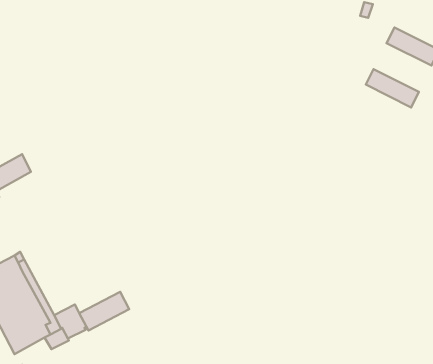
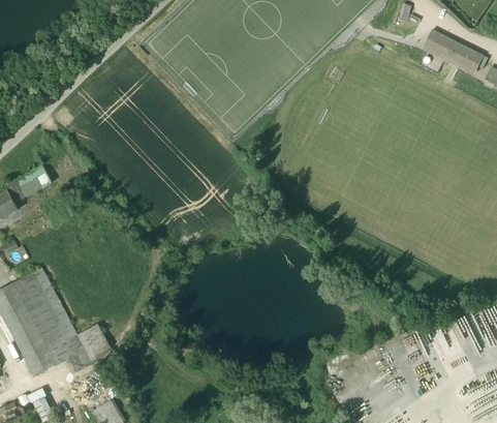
building: [366,69,419,107] -> none
building: [79,292,129,330] -> none

